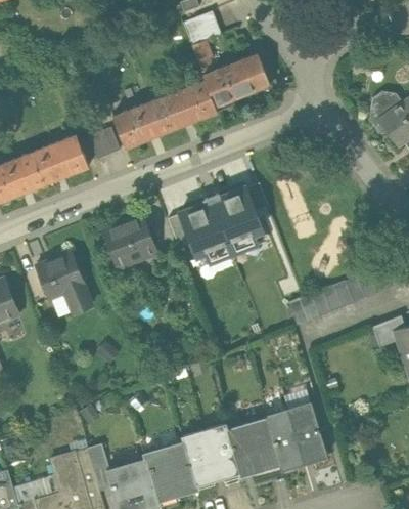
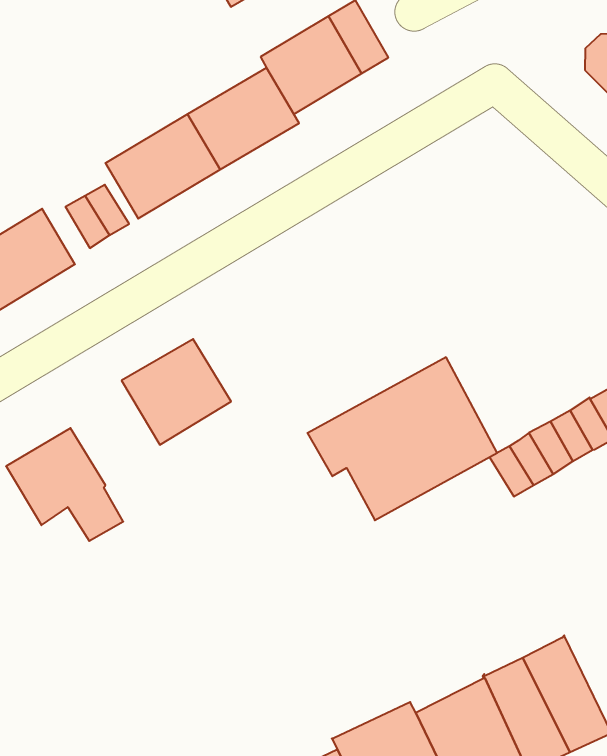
building: [168,185,265,264] -> [307,357,497,520]

